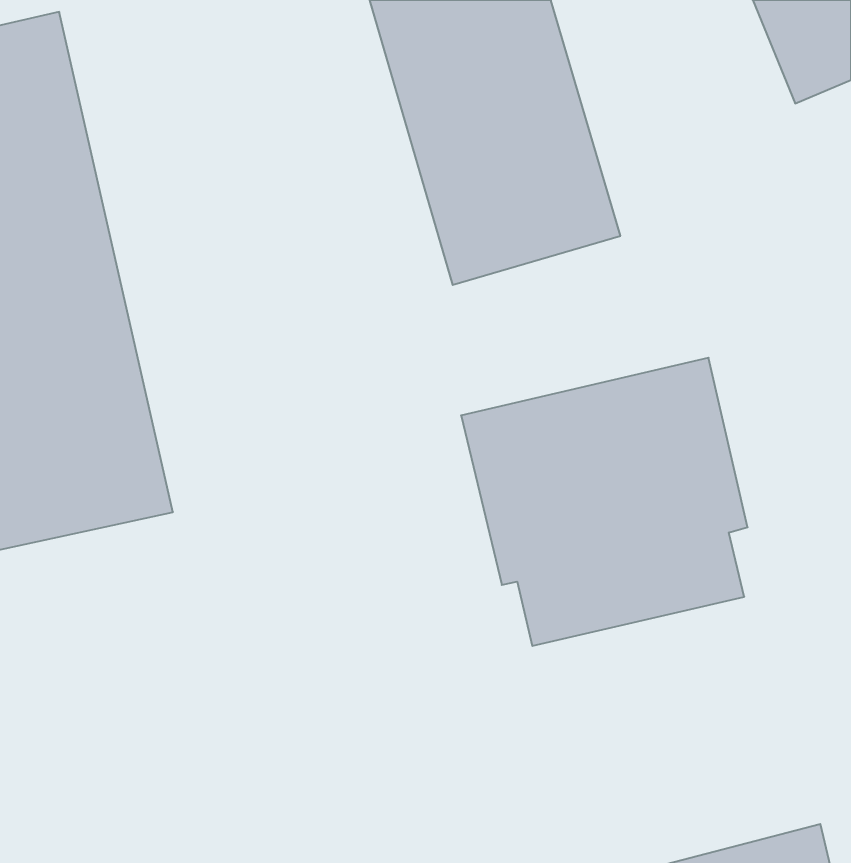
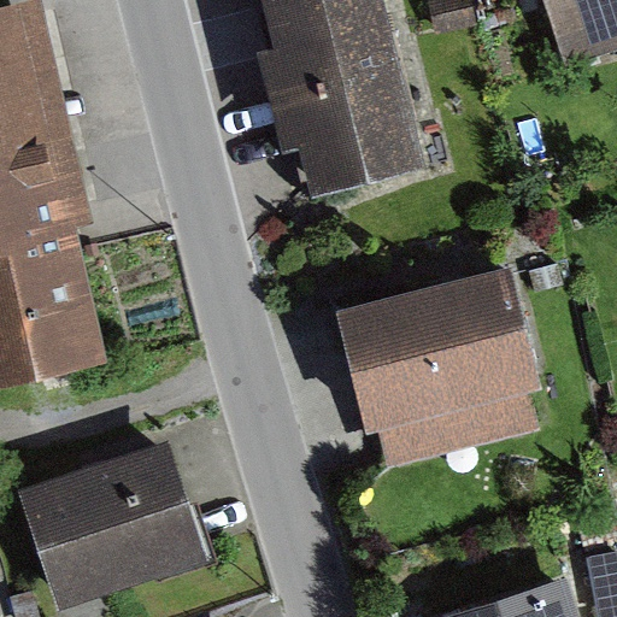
building: none -> [10,431,200,600]

